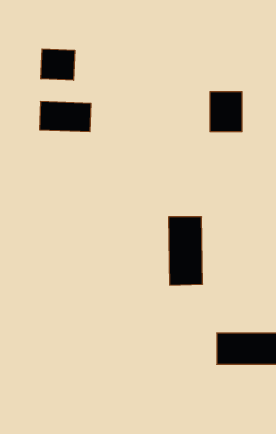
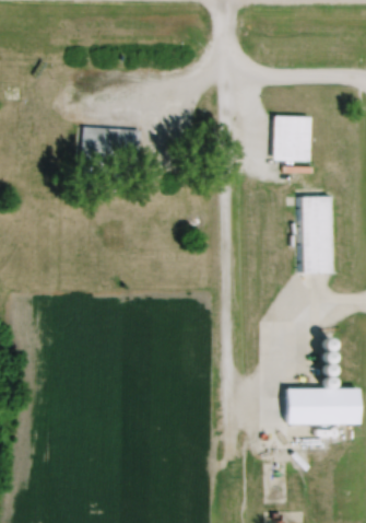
building: [41,49,75,80] -> none
building: [169,217,203,285] -> [298,197,337,274]

